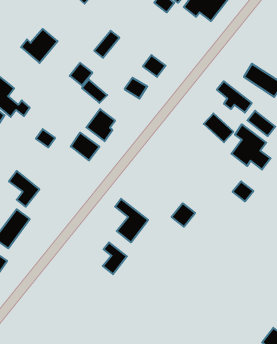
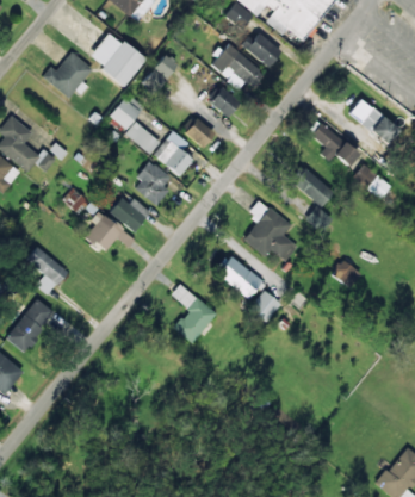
building: none -> [89,31,145,85]
building: none -> [241,33,281,67]
building: none -> [211,43,265,88]
building: none -> [154,130,194,175]
building: [231,124,271,170] -> [244,199,298,261]
building: none -> [86,210,136,251]
building: none -> [215,253,264,298]
building: [103,242,127,274] -> none

